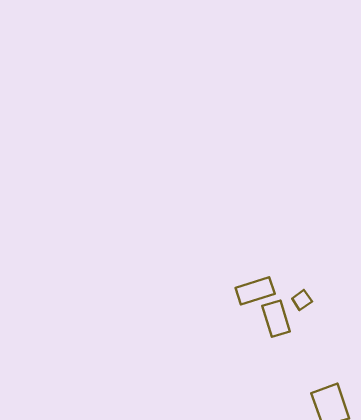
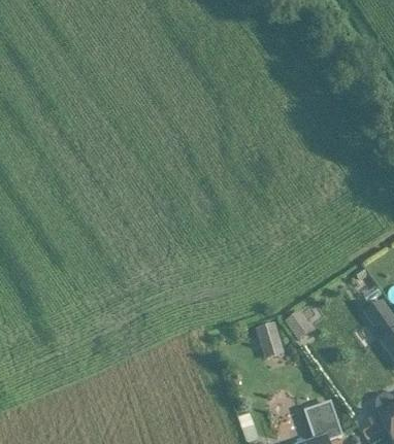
building: [235,277,275,304] -> none

